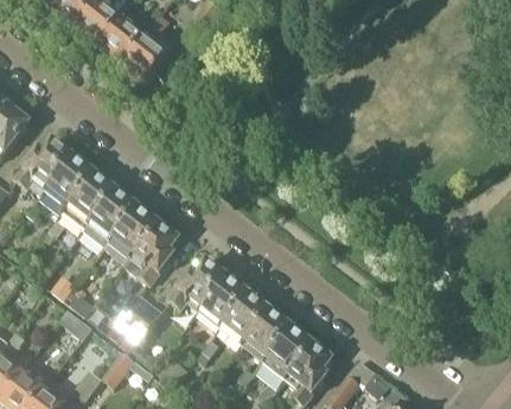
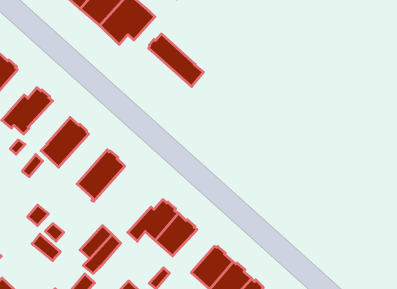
building: none -> [149,34,203,87]
building: [45,153,92,203] -> none
building: [83,188,138,247] -> none
building: [126,223,179,283] -> none
building: [221,290,268,340] -> none

